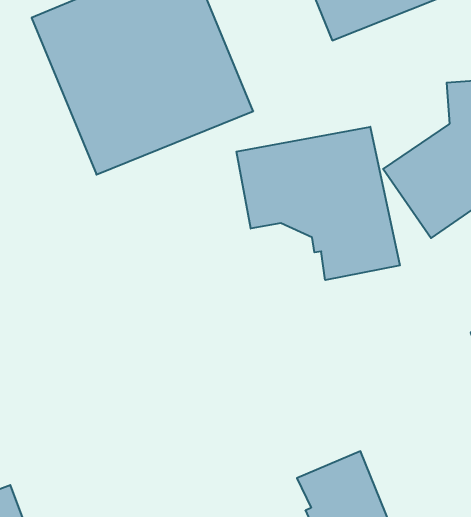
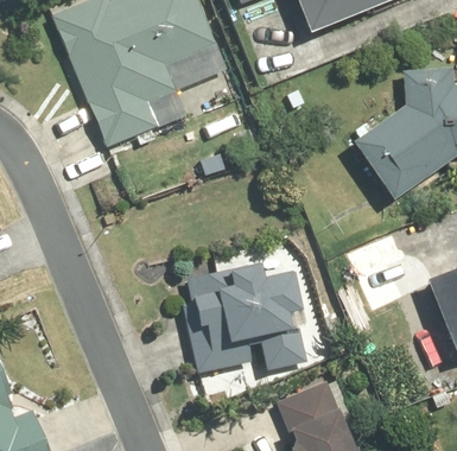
building: [236,127,400,280] -> none
building: none -> [184,261,309,373]

